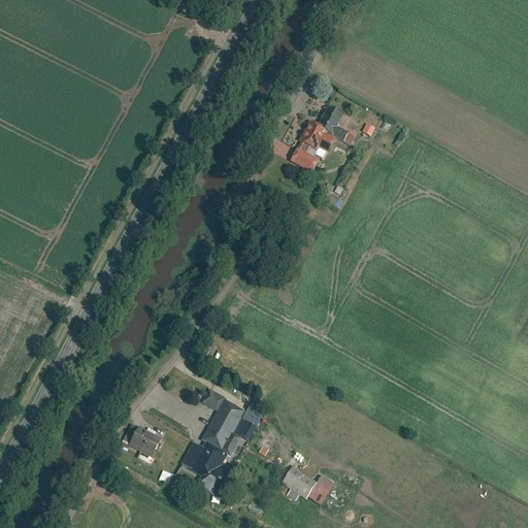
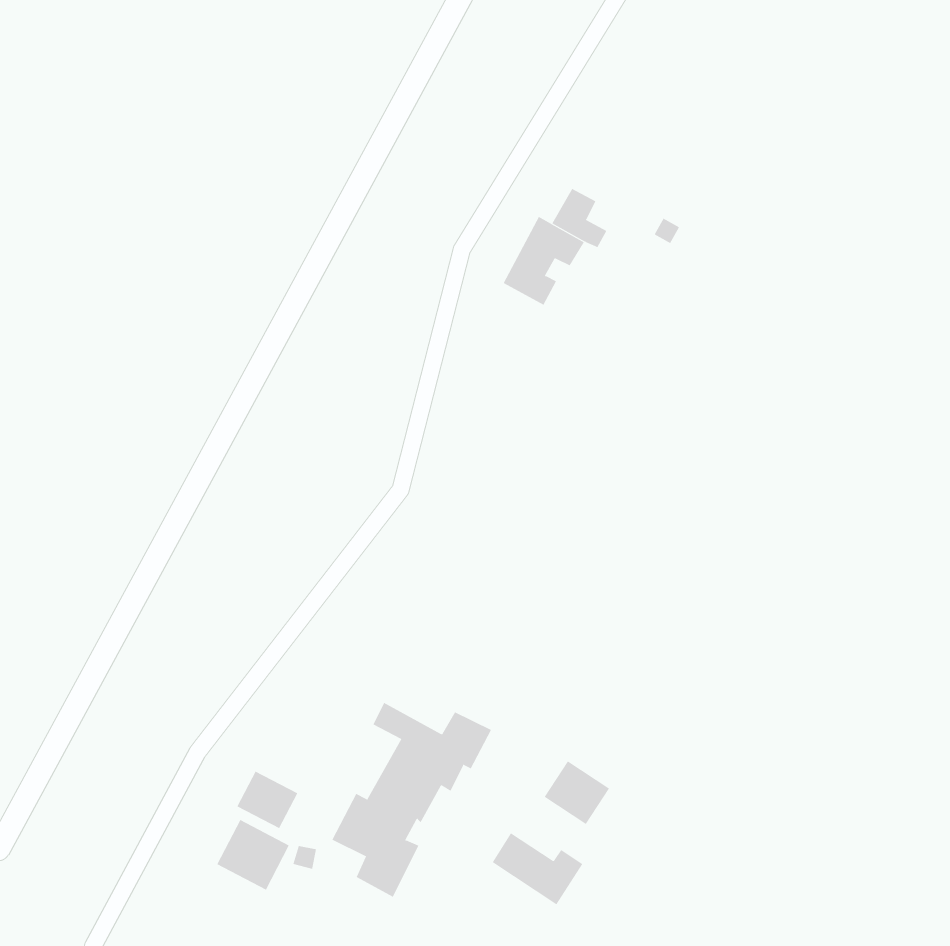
building: none -> [544,761,610,825]
building: none -> [217,819,290,890]

